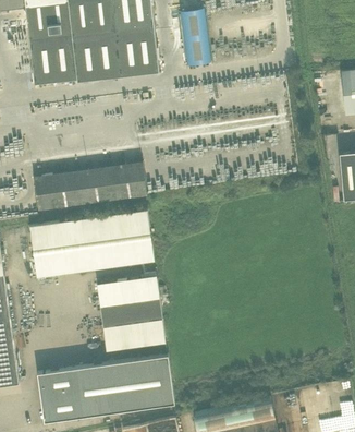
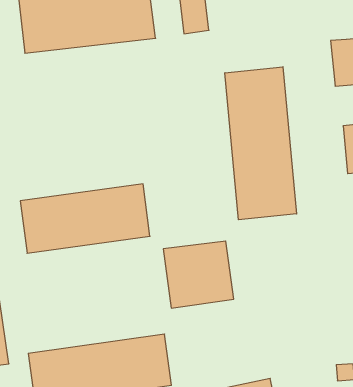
building: none -> [225,67,297,220]
building: [33,161,146,209] -> none
building: [97,280,164,345] -> [163,241,234,308]

